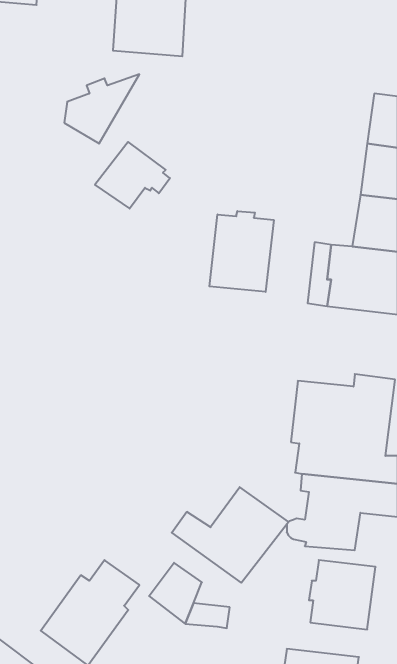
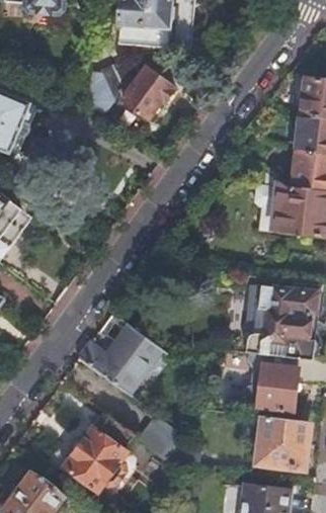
building: [95,142,170,209] -> [123,66,177,114]
building: [209,211,274,292] -> none
building: [172,487,288,583] -> [78,326,163,396]

